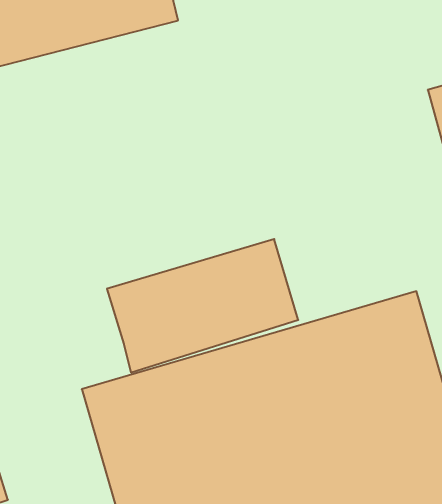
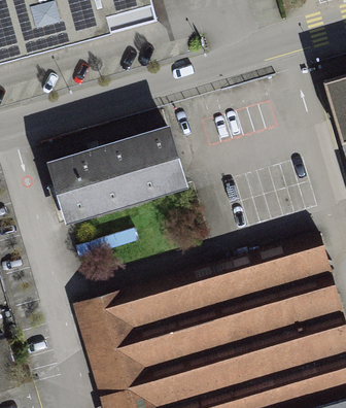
building: [107,239,298,372] -> [49,129,188,226]

